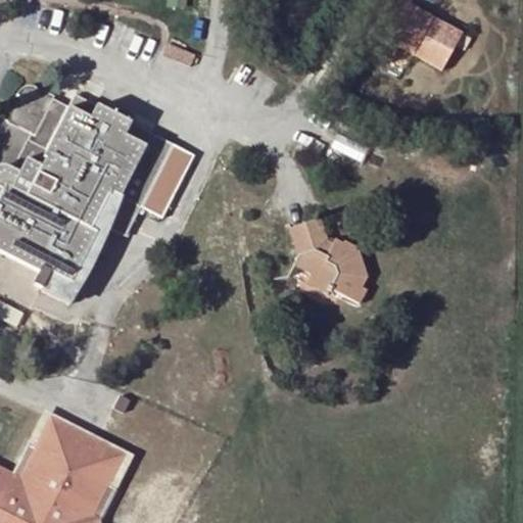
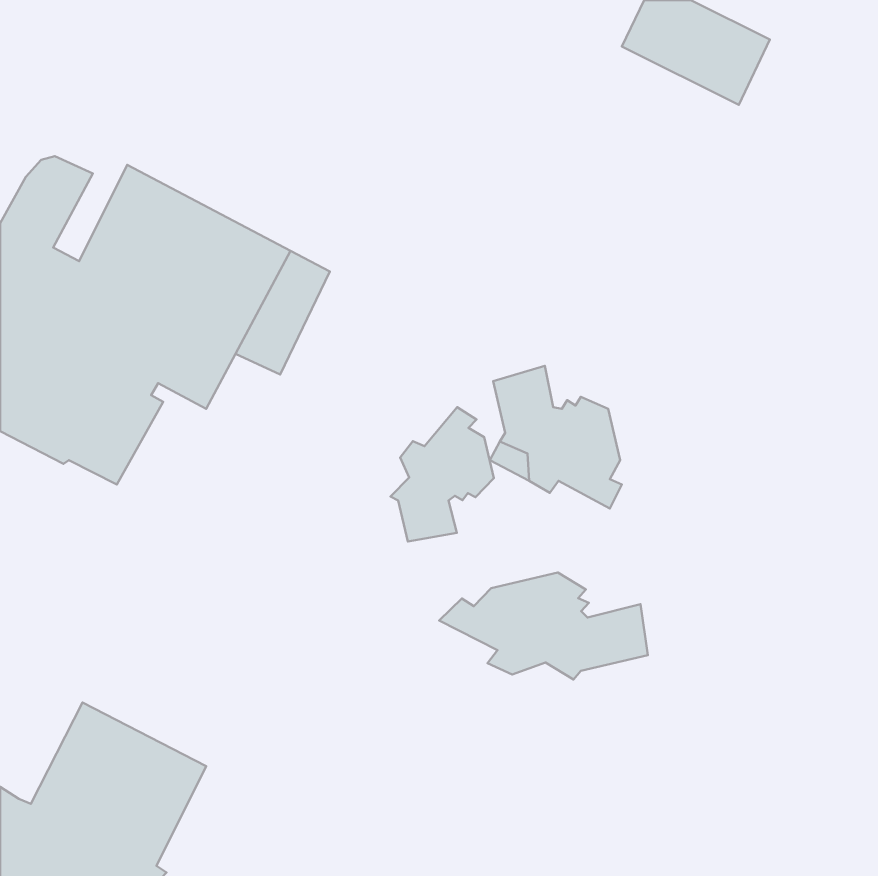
building: none -> [391,407,494,542]
building: none -> [439,572,648,679]

